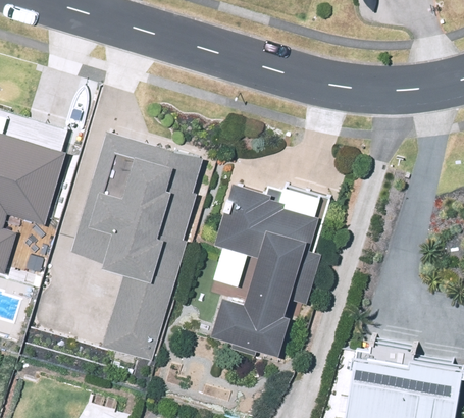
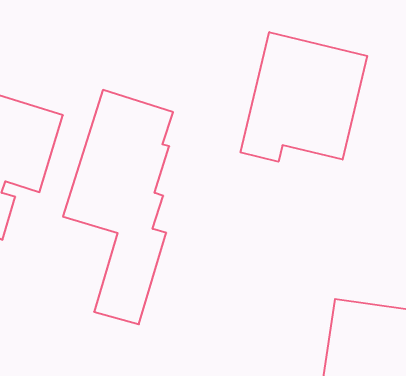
building: none -> [241,32,367,162]
building: [210,192,312,364] -> none

